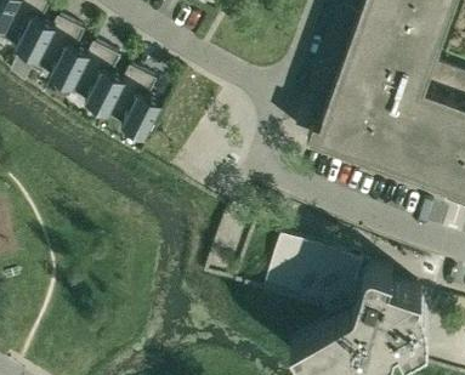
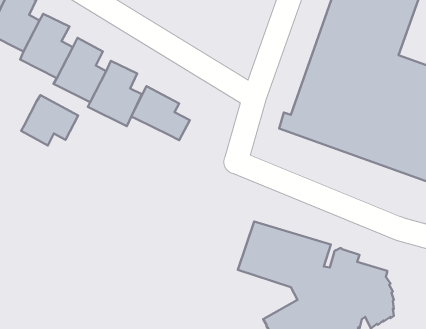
building: none -> [131,86,190,140]
building: none -> [21,95,78,146]

